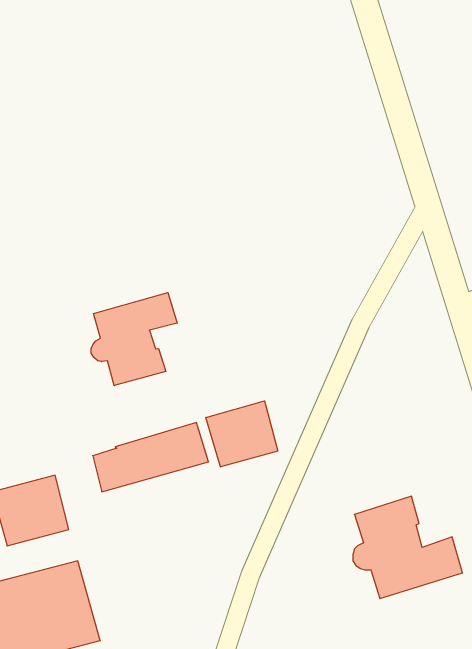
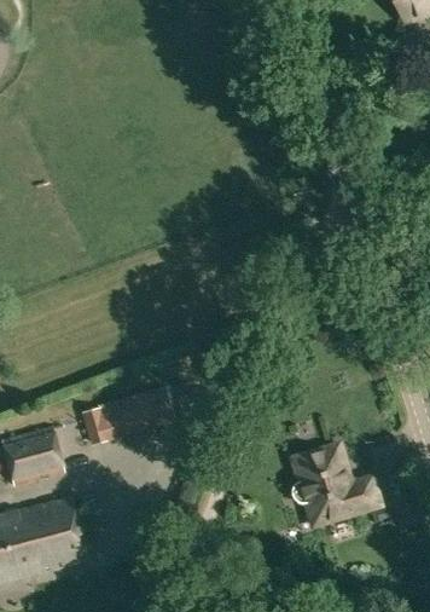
building: [91,293,177,386] -> none
building: [206,401,278,467] -> none

